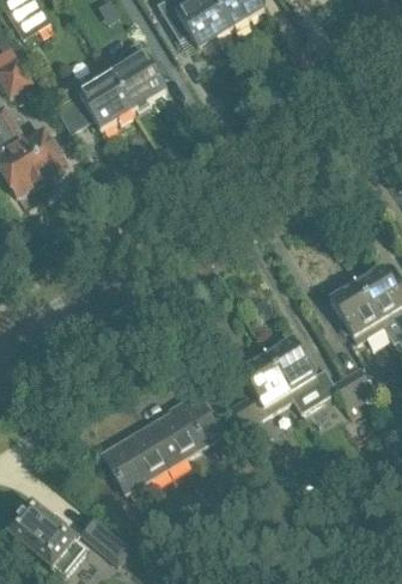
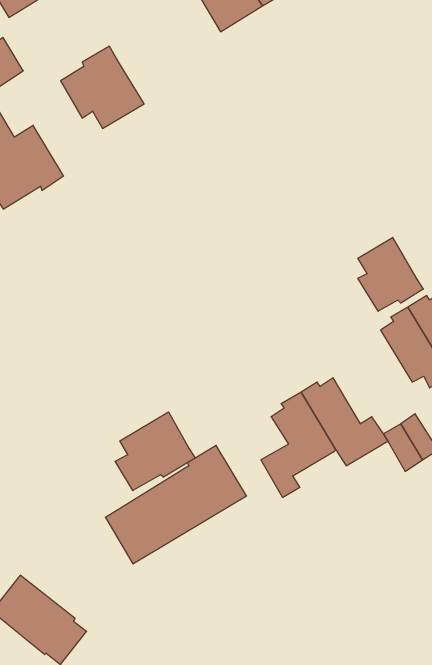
building: [104,42,166,110] -> none
building: none -> [358,237,423,311]
building: none -> [115,412,195,491]
building: [78,515,129,561] -> none

